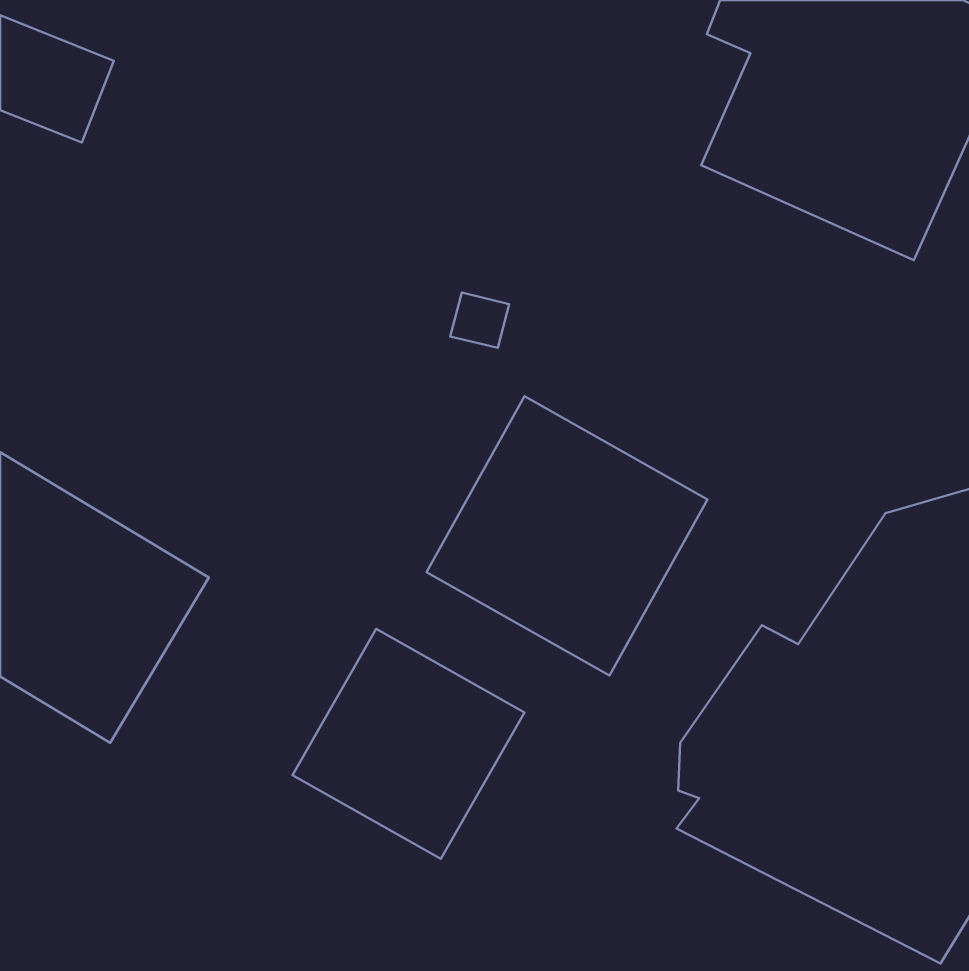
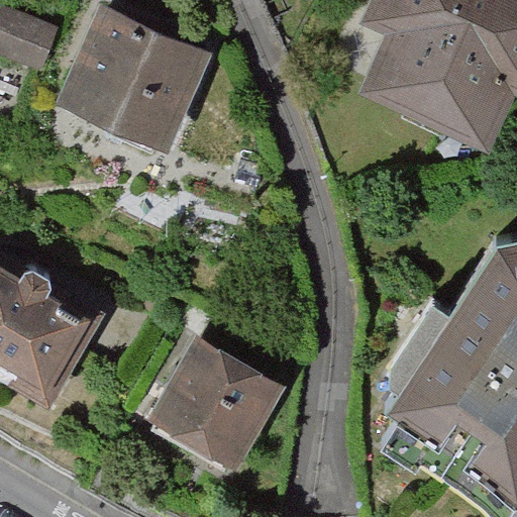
building: none -> [46,24,183,163]
building: [426,396,707,675] -> none

